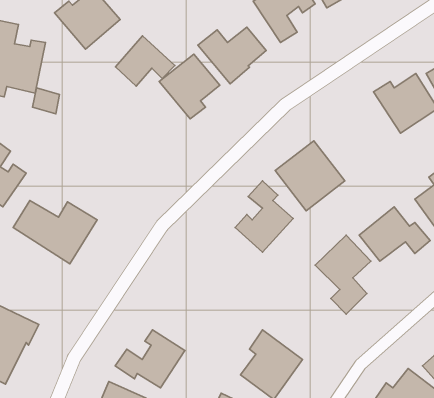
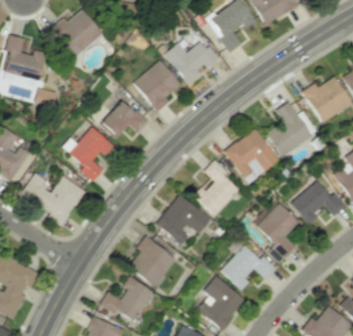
building: [116,36,175,86] -> [102,99,148,138]
building: none -> [267,101,313,155]
building: none -> [64,126,115,181]
building: none -> [156,194,212,244]
building: none -> [128,235,175,287]
building: none -> [221,244,275,290]

